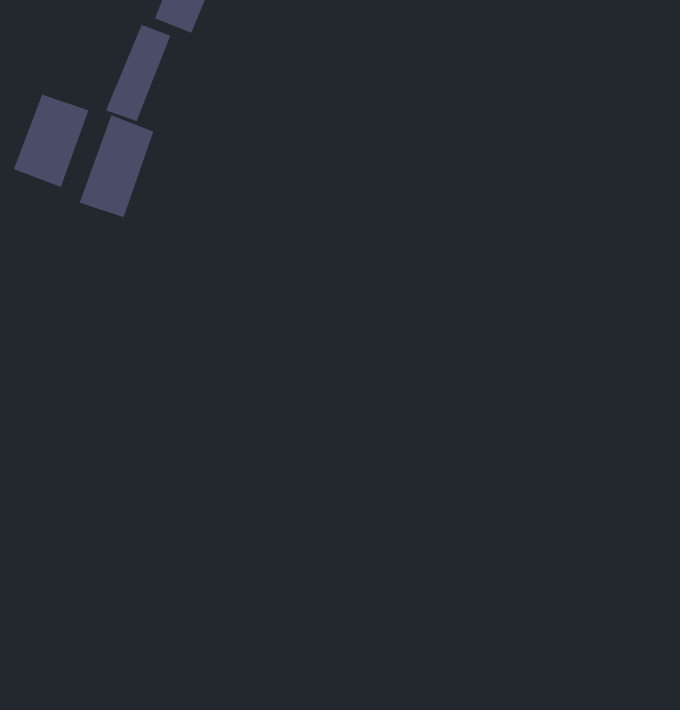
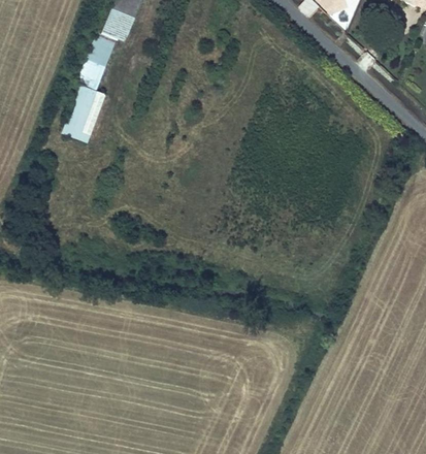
building: [13,94,89,188] -> none

